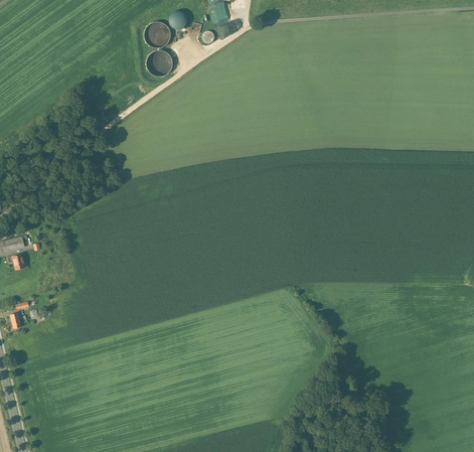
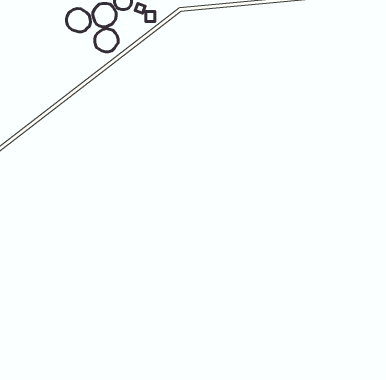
building: none -> [66,9,90,32]

